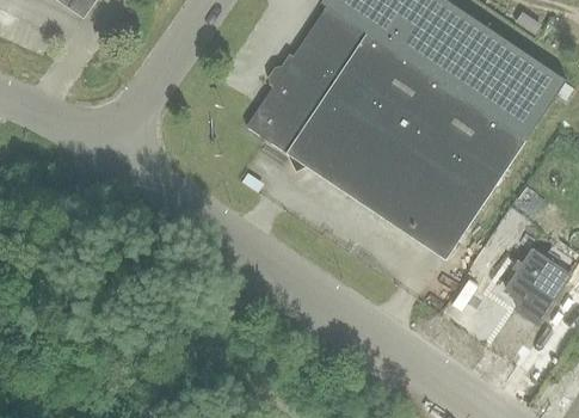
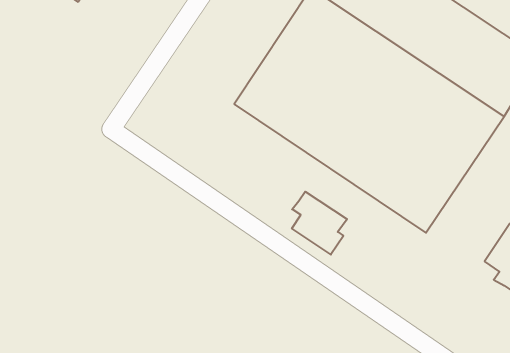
building: none -> [292,192,347,255]

